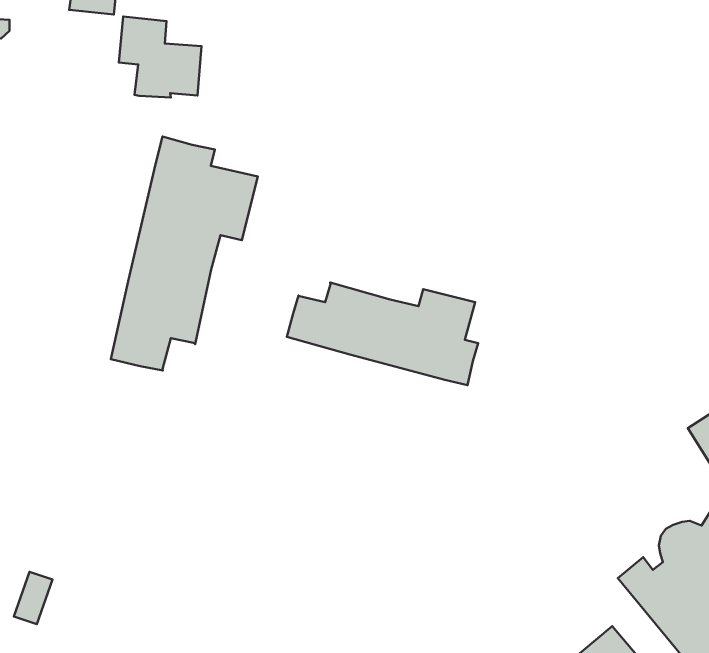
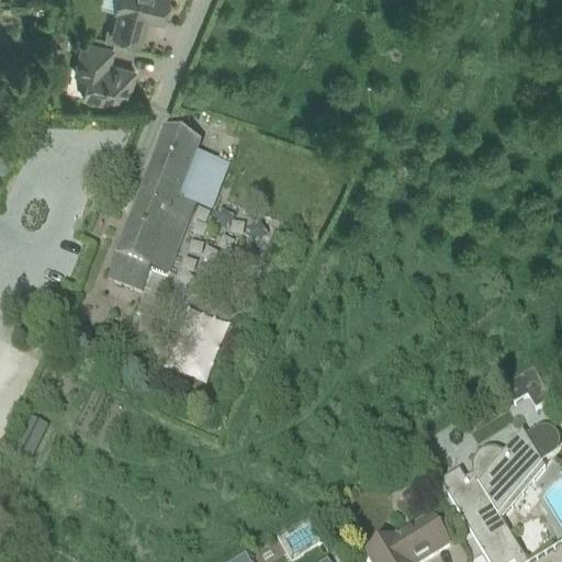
building: [119,16,201,98] -> [77,36,136,99]
building: [287,283,478,385] -> none

